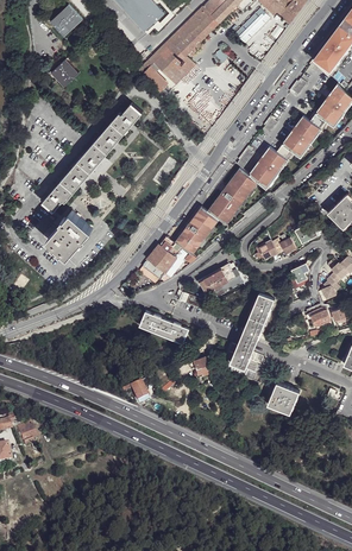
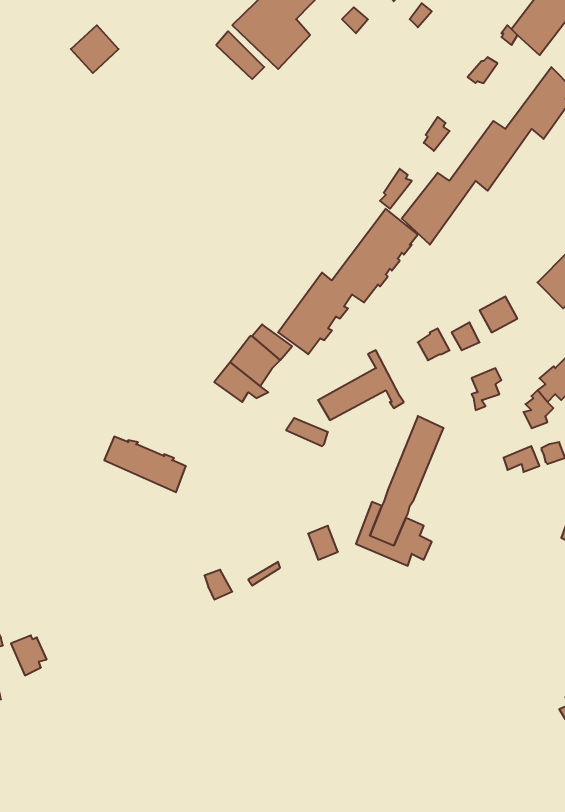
building: [43,103,143,211] -> none
building: [48,211,92,256] -> none
building: [139,311,188,344] -> [104,436,186,492]
building: [266,382,298,413] -> none

